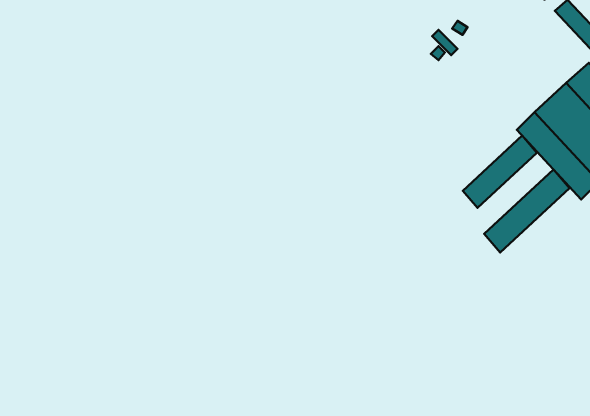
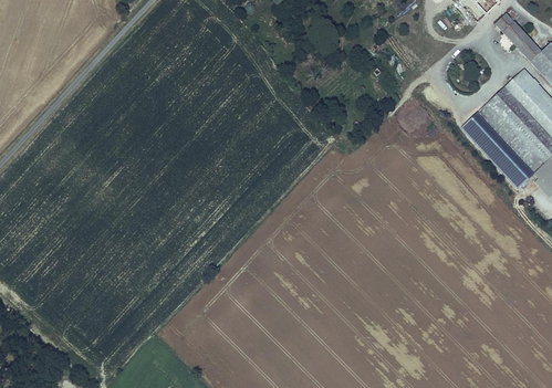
building: [463,136,537,208] -> none
building: [484,169,570,252] -> none

